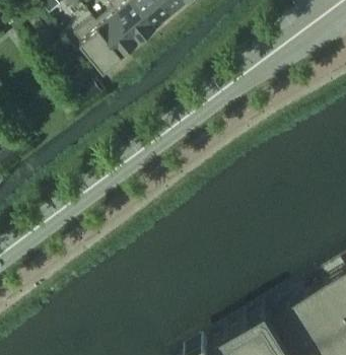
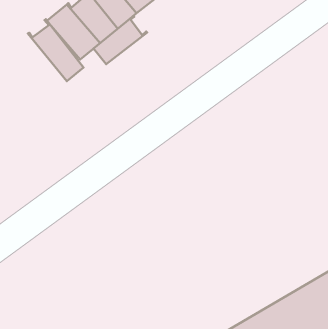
building: none -> [93,16,147,64]
building: none -> [28,19,83,81]

